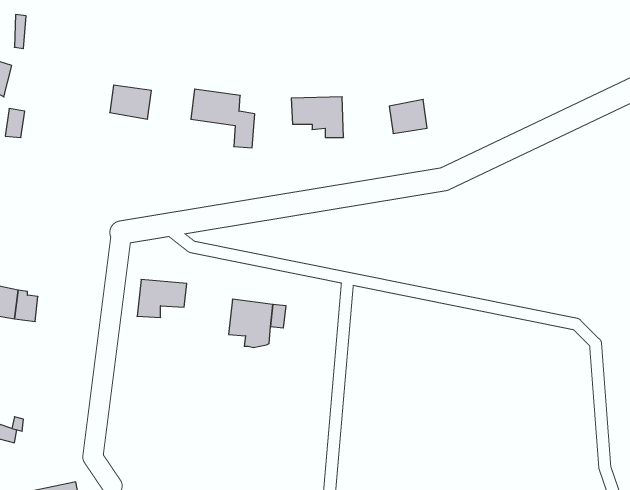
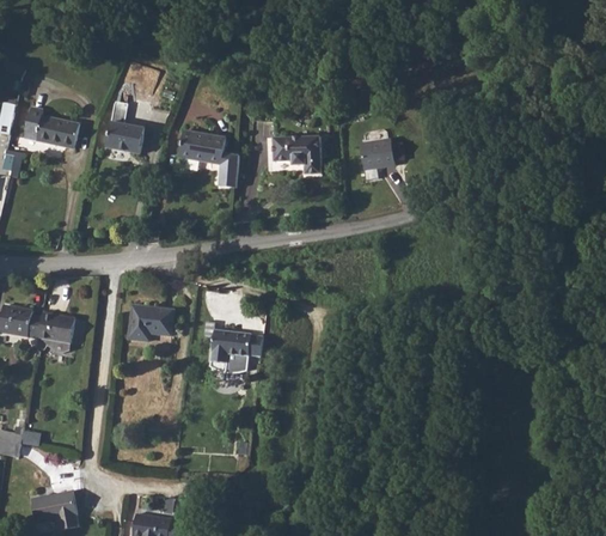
building: none -> [31,108,84,153]
building: none -> [36,316,72,346]

